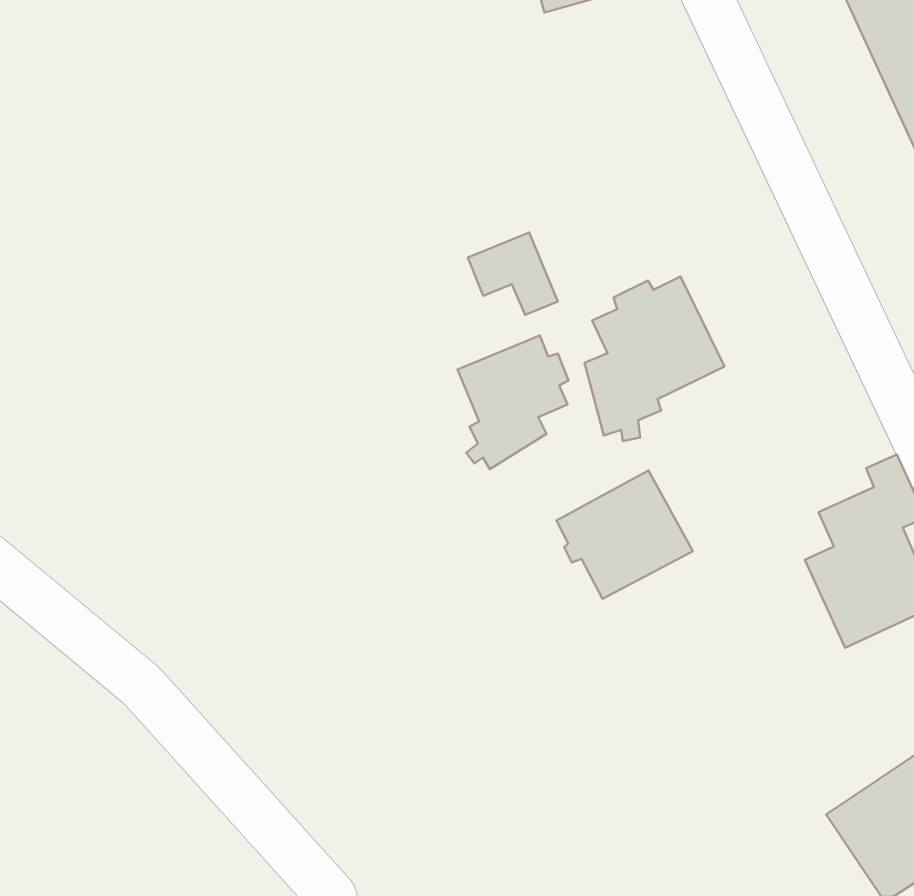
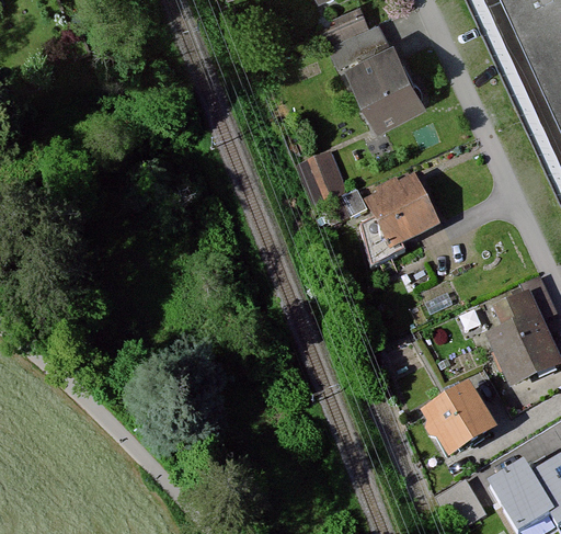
building: none -> [346,36,424,123]
building: [457,336,569,469] -> none
building: [557,471,693,599] -> [421,383,499,456]

